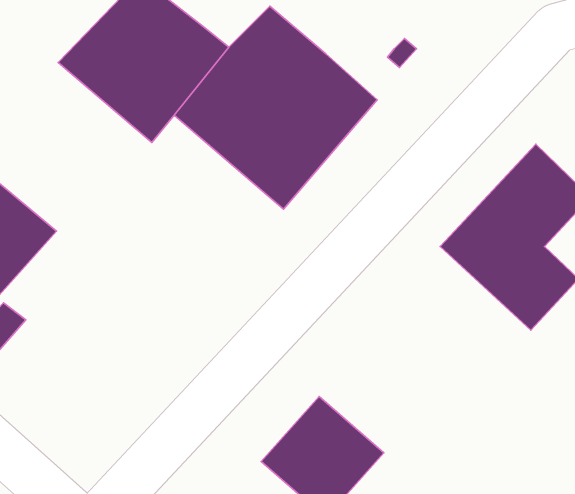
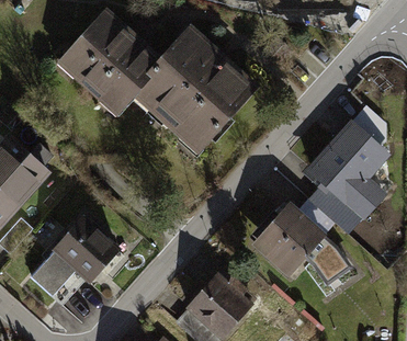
building: none -> [258,197,331,271]
building: none -> [26,208,125,302]

